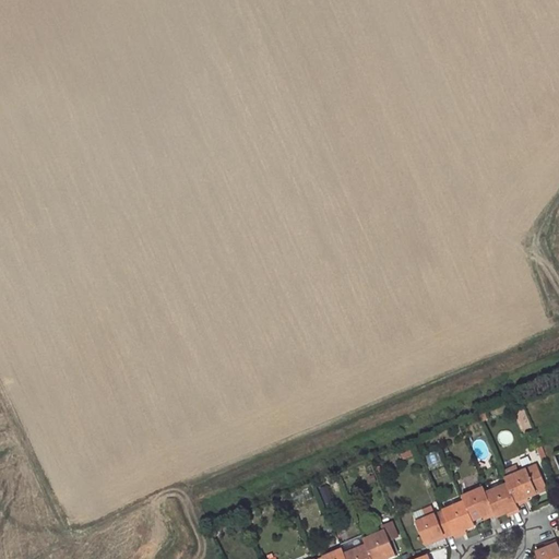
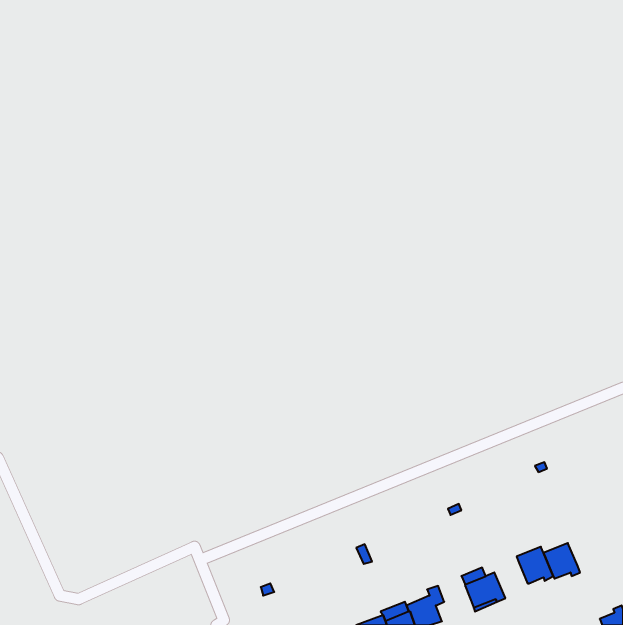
building: [503,465,546,506] -> none
building: [441,502,474,538] -> none

